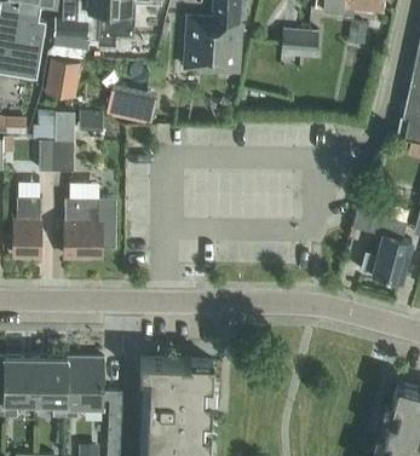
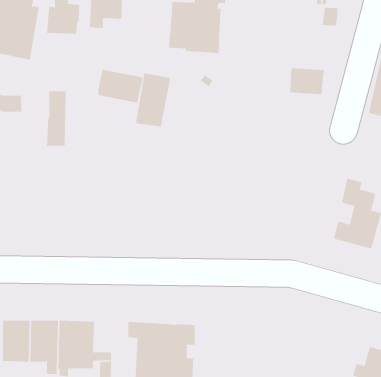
building: [282,28,320,57] -> [289,68,324,95]
building: [46,59,81,98] -> none
building: none -> [135,72,171,127]
building: [33,112,56,172] -> none
building: [15,197,41,258] -> none
building: [65,198,117,258] -> none

